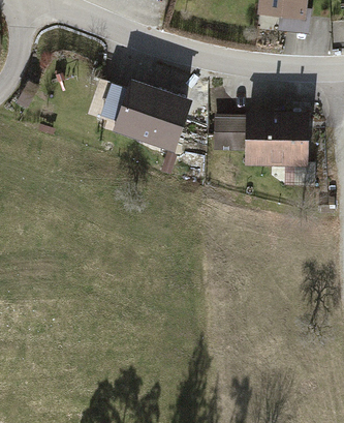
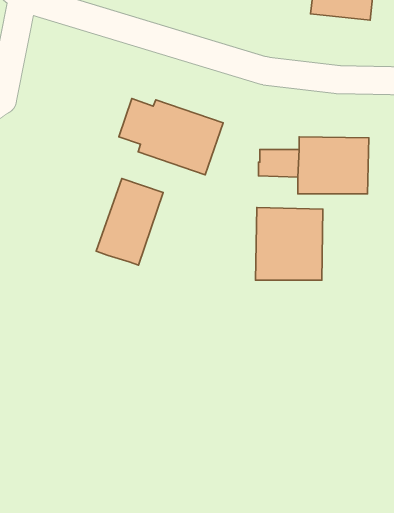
building: none -> [96,179,163,265]
building: none -> [255,208,323,280]

